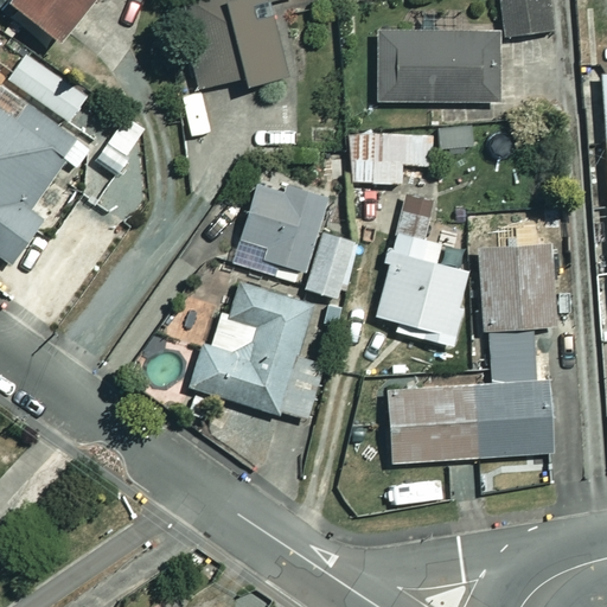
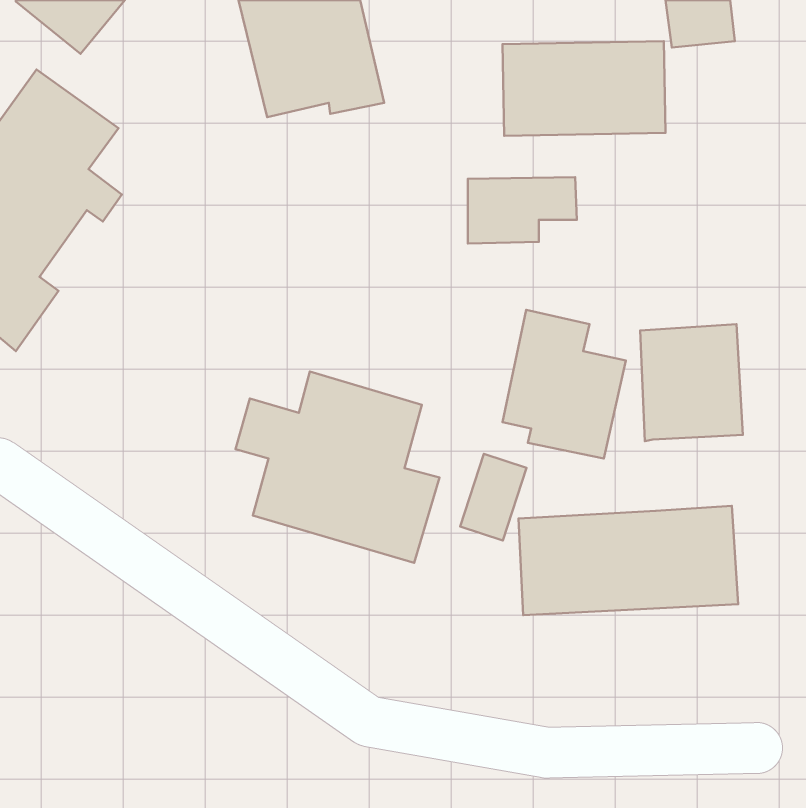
building: [232,177,328,275] -> none
building: [307,232,357,298] -> [460,454,527,541]
building: [490,327,549,383] -> none

